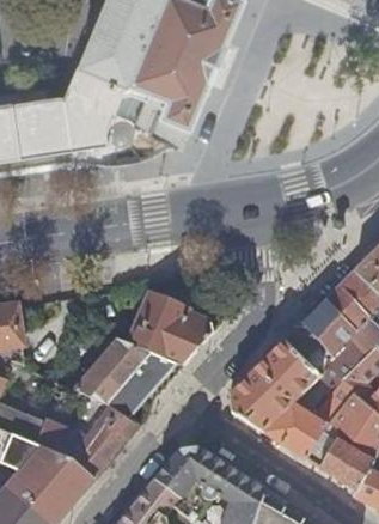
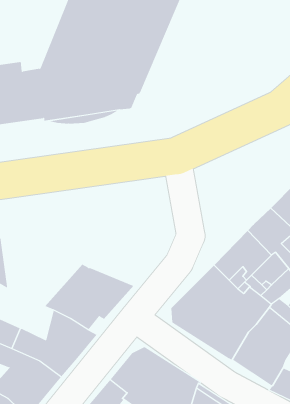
building: [128,291,213,367] -> none

